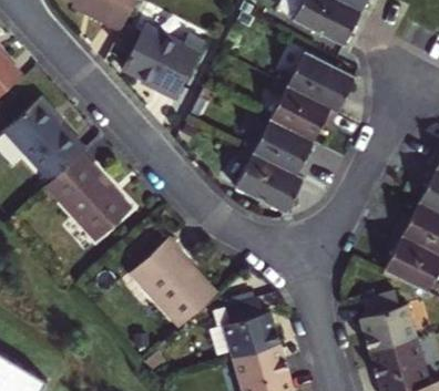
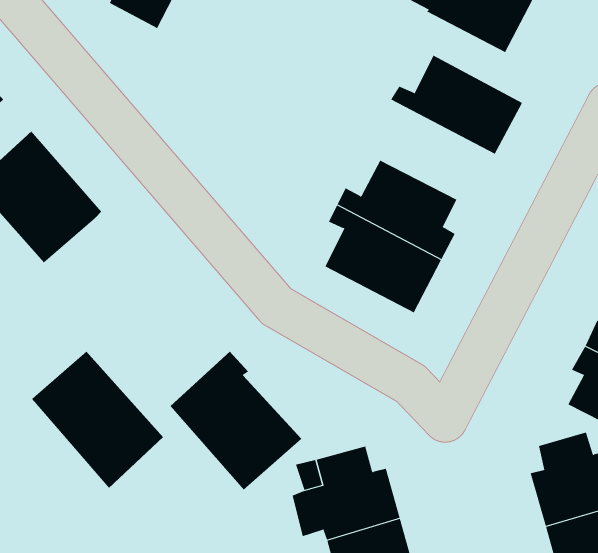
building: [122,23,204,100] -> none
building: [265,76,339,141] -> none
building: [47,153,132,241] -> [31,351,164,489]

